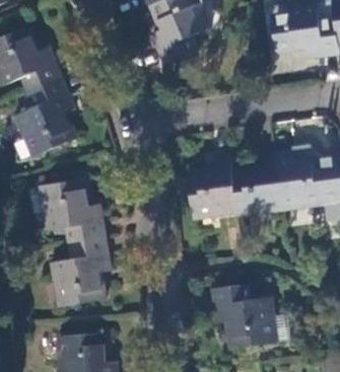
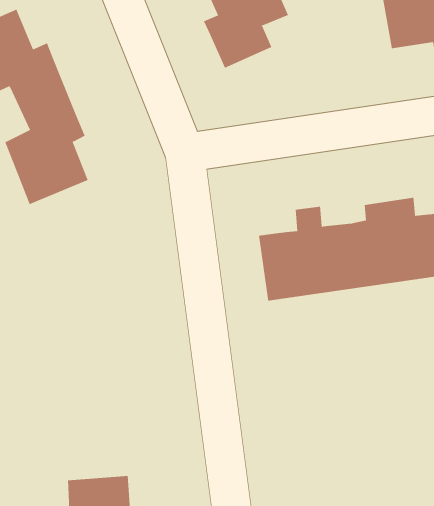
building: [28,180,108,305] -> none
building: [213,285,290,348] -> none

